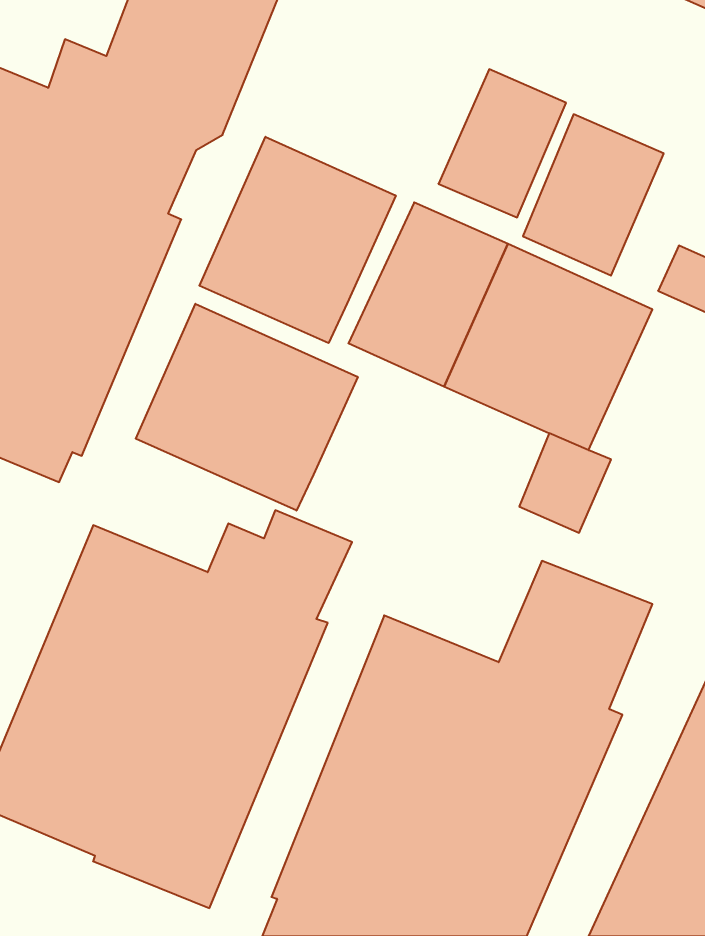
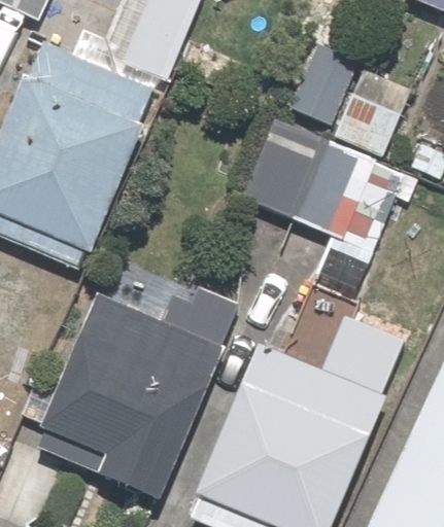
building: [199,137,396,343] -> none
building: [136,304,358,511] -> none

